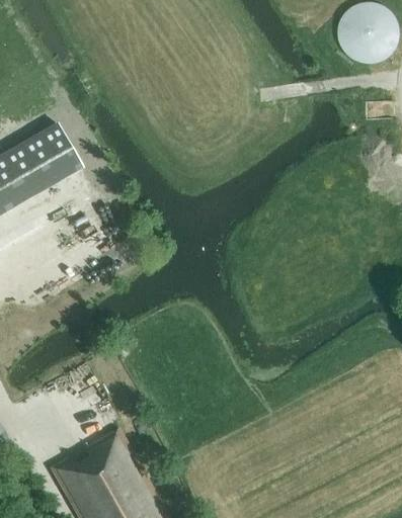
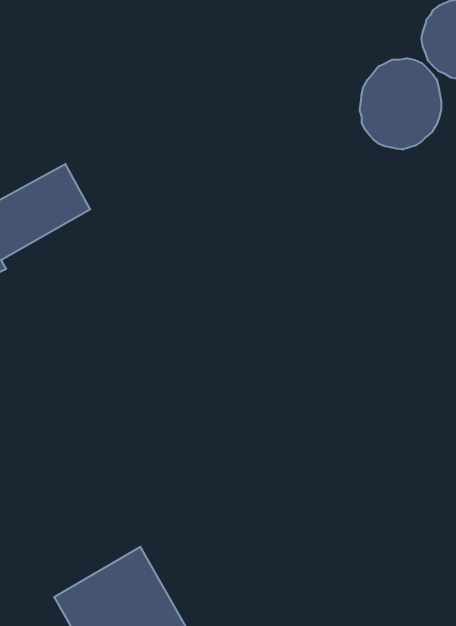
building: none -> [360,58,441,150]

